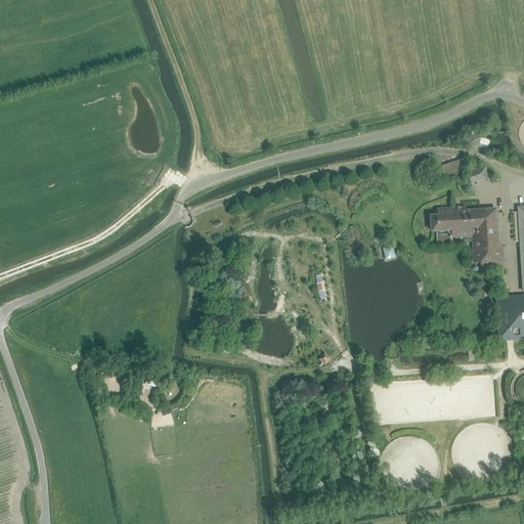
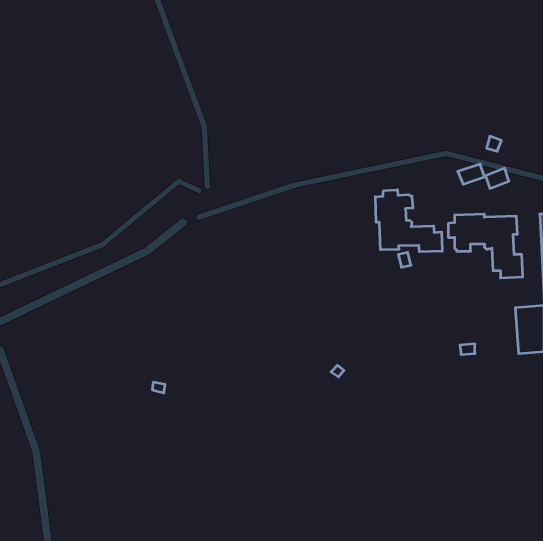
building: none -> [375,190,442,252]

